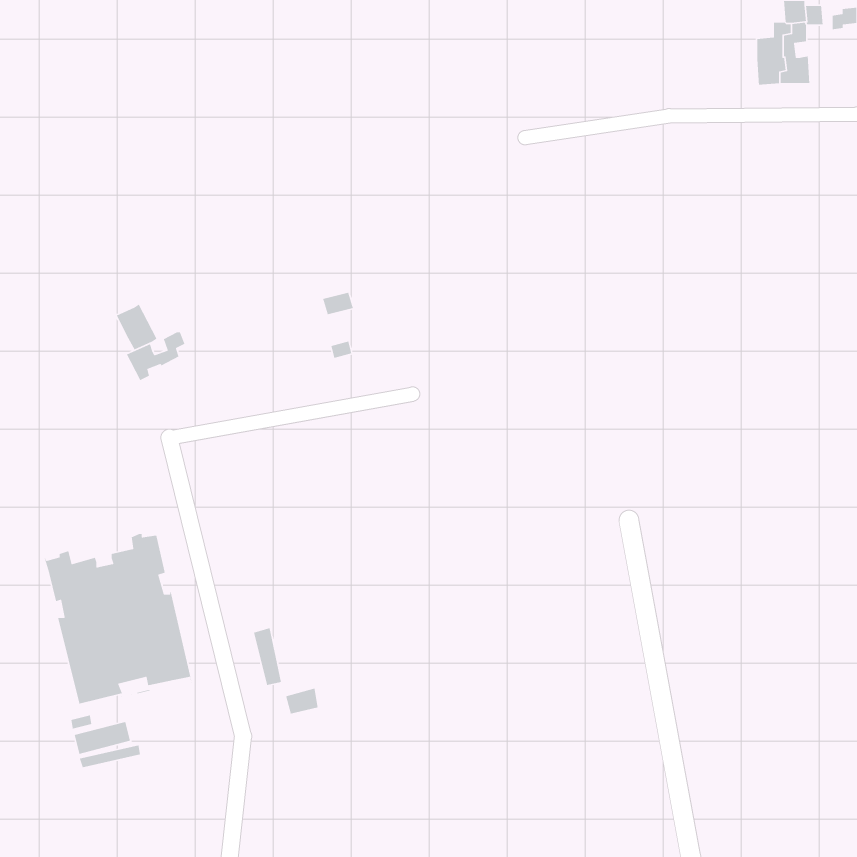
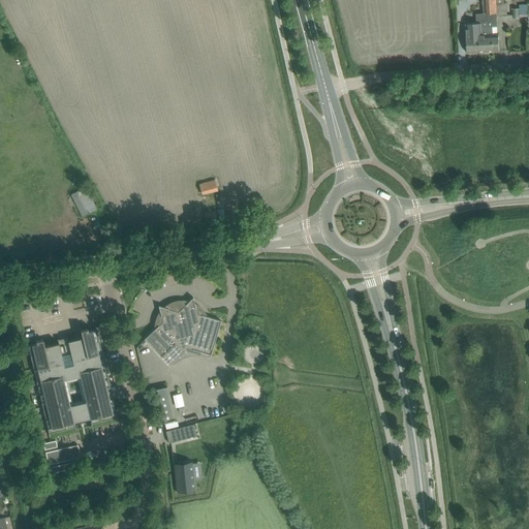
building: [126,331,185,381] -> none
building: none -> [144,297,221,365]
building: none -> [174,462,195,493]

